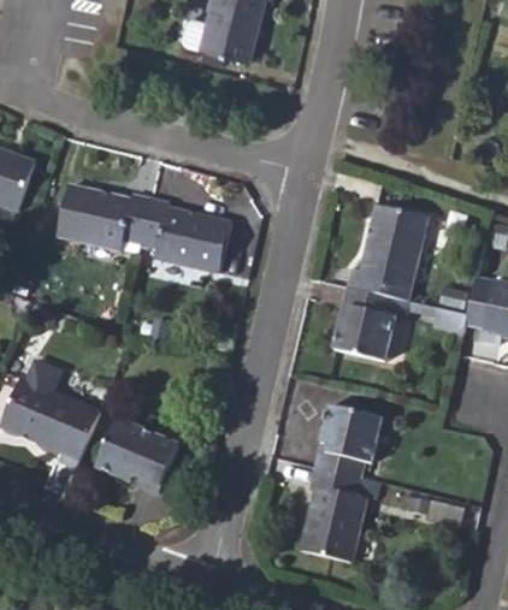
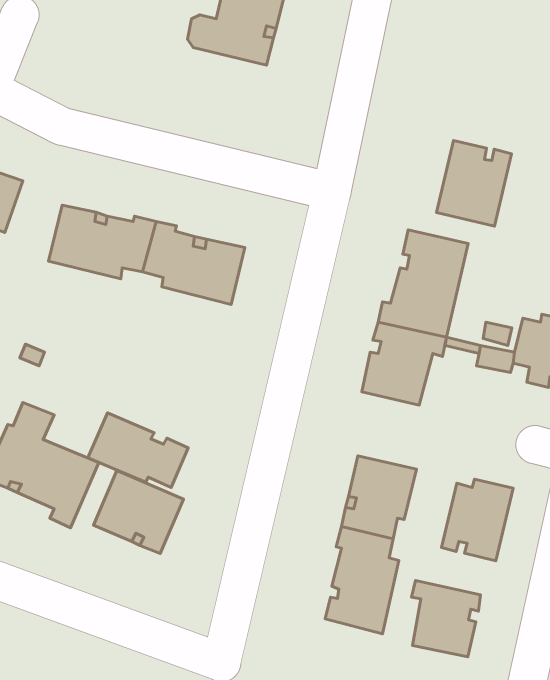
building: none -> [437,140,511,226]
building: none -> [88,413,188,488]
building: none -> [442,479,513,561]
building: none -> [411,580,481,657]

